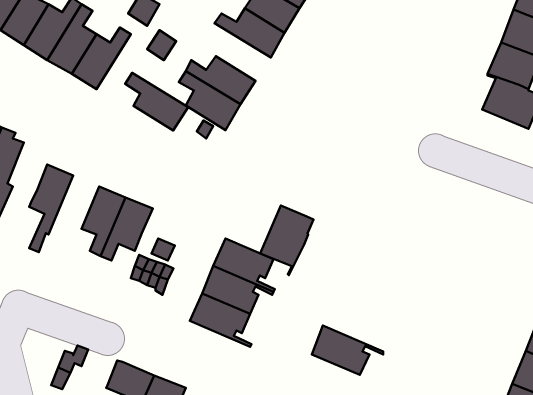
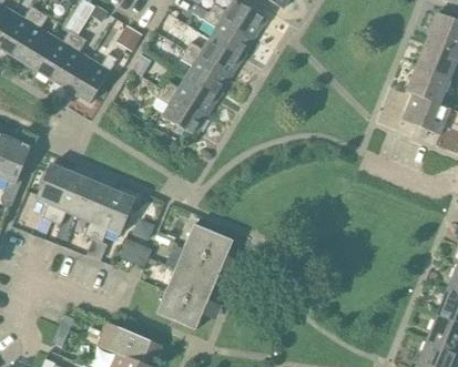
building: [125,73,188,130] -> [180,49,231,95]
building: none -> [51,172,92,223]
building: [260,206,314,275] -> none
building: [312,326,383,375] -> [156,289,214,329]

